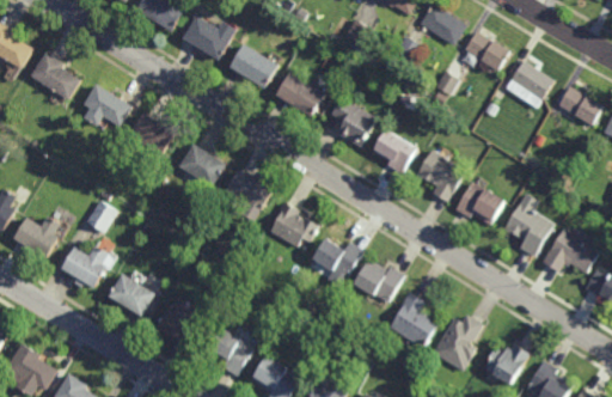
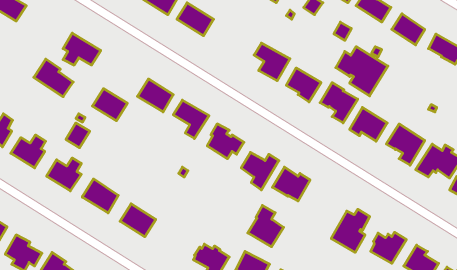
building: [29,50,80,99] -> [34,59,73,97]
building: [276,72,325,116] -> none
building: none -> [336,47,388,96]
building: [129,114,175,155] -> [92,89,127,121]
building: [390,292,436,346] -> [248,205,284,247]
building: [208,330,253,373] -> none

